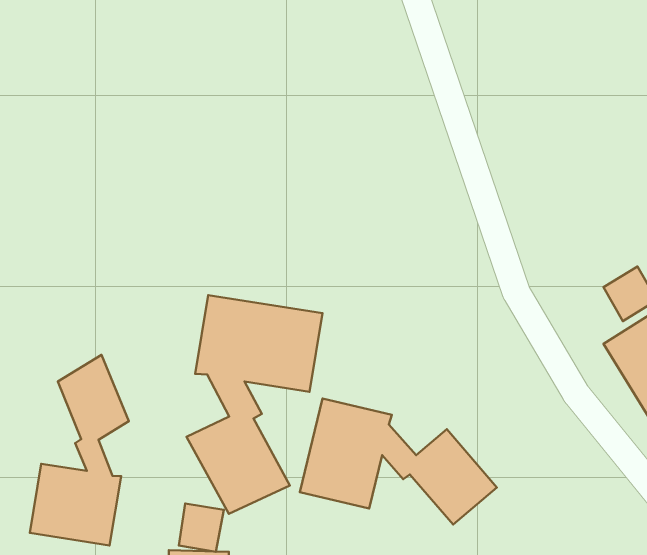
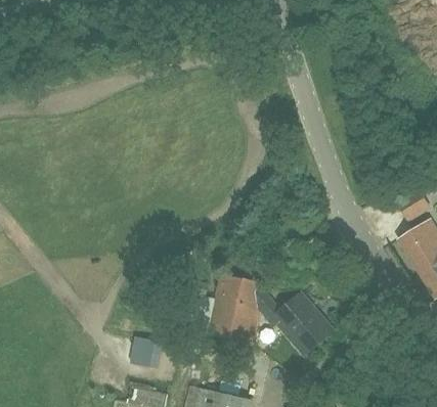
building: [187,295,323,514] -> none
building: [30,355,129,545] -> none

